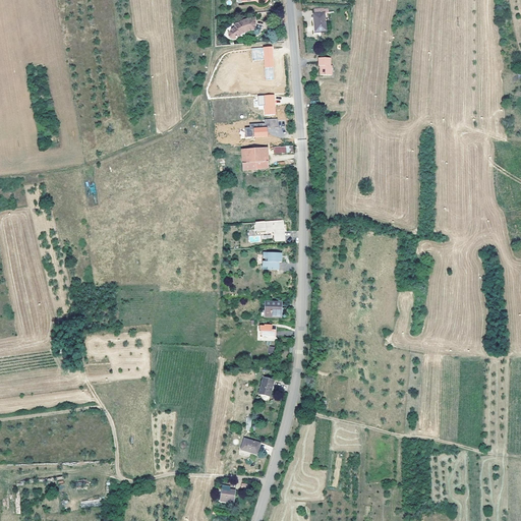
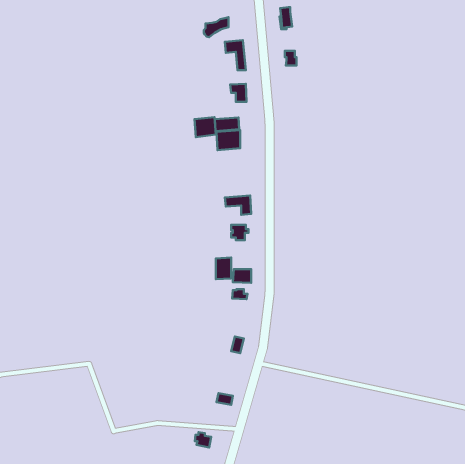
building: none -> [195,117,216,137]
building: none -> [216,257,231,279]

